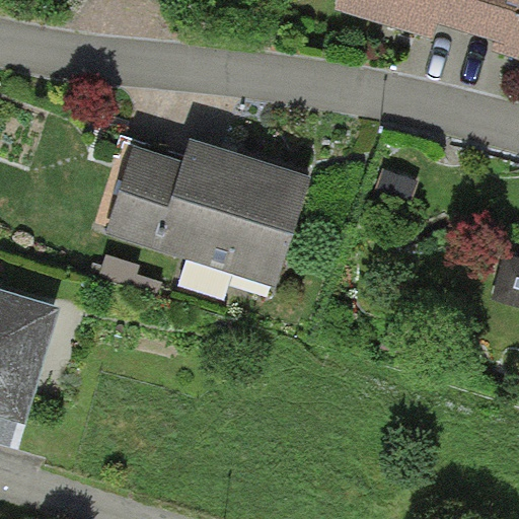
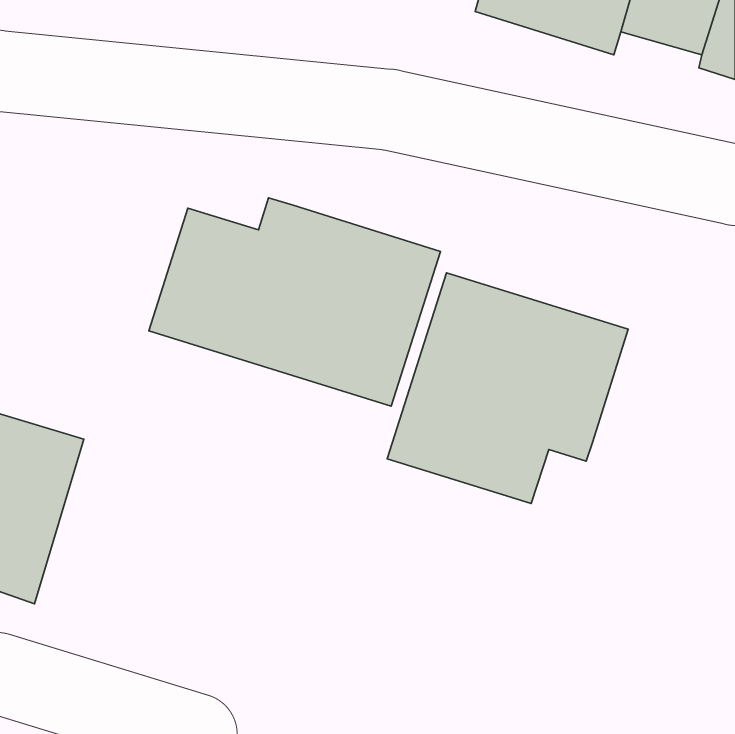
building: none -> [387,273,628,504]

